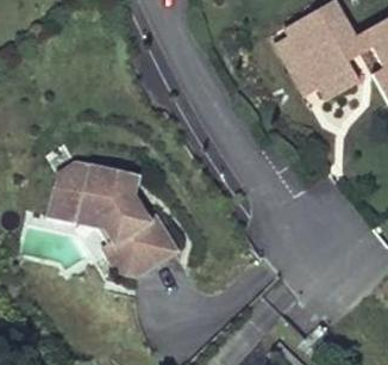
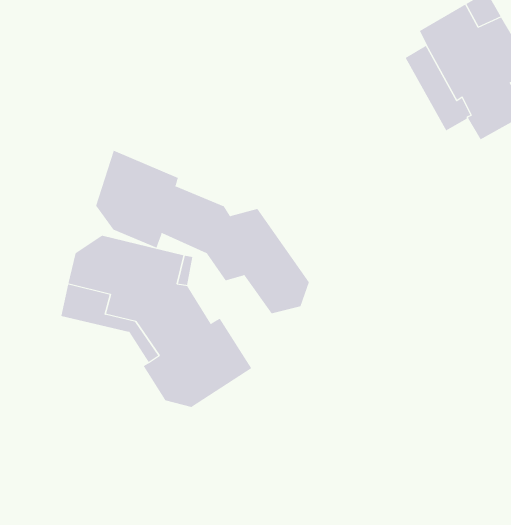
building: none -> [95,150,309,314]

